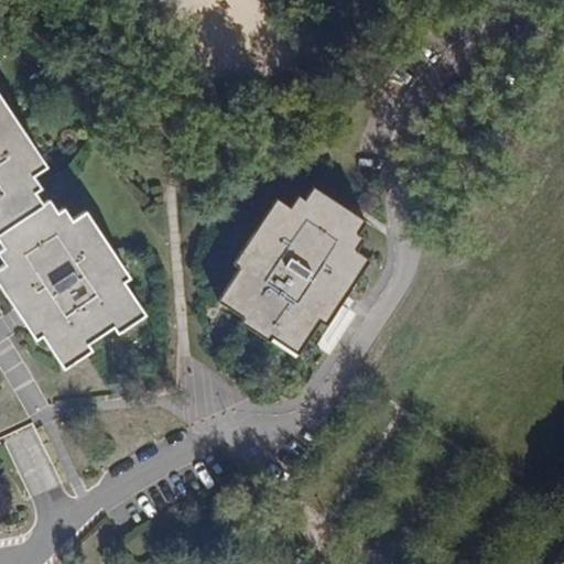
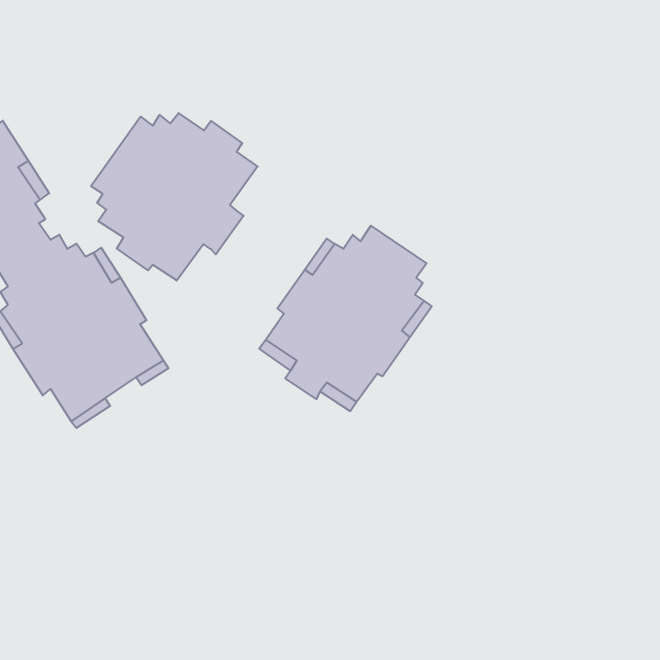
building: none -> [91,113,258,281]

